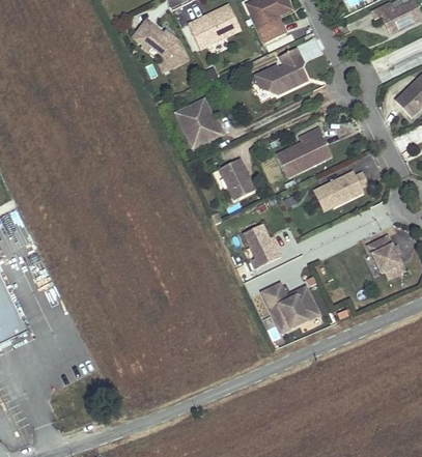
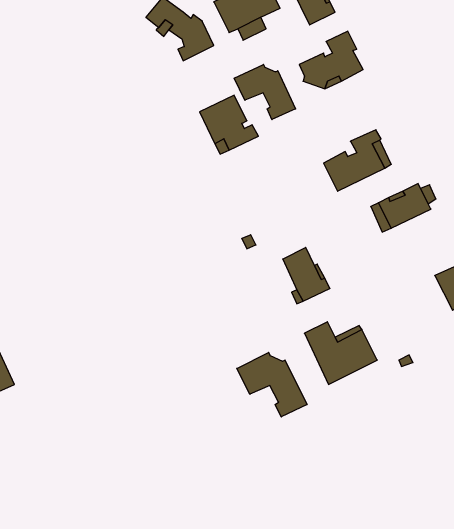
building: none -> [234,64,296,120]
building: [219,158,255,199] -> none
building: none -> [237,352,307,417]

